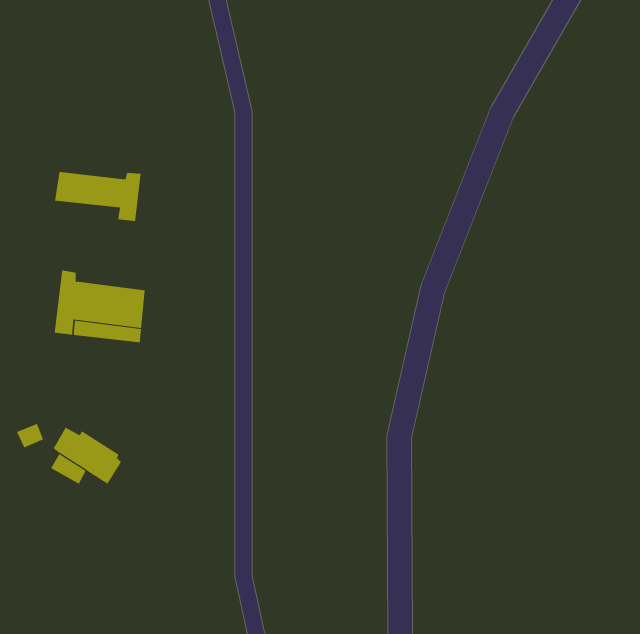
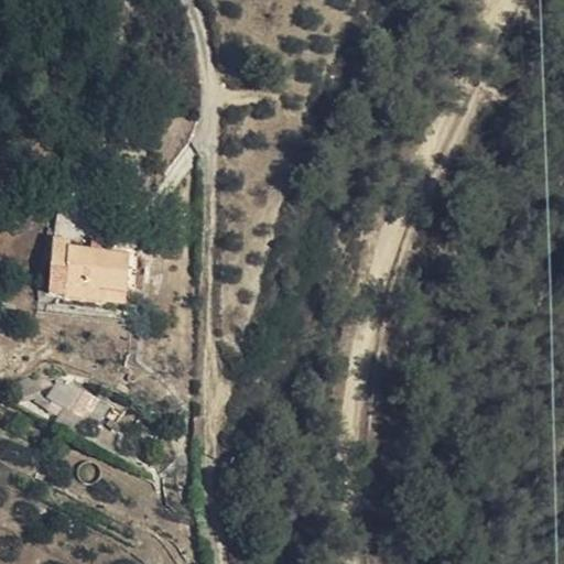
building: [55,171,141,222] -> none

